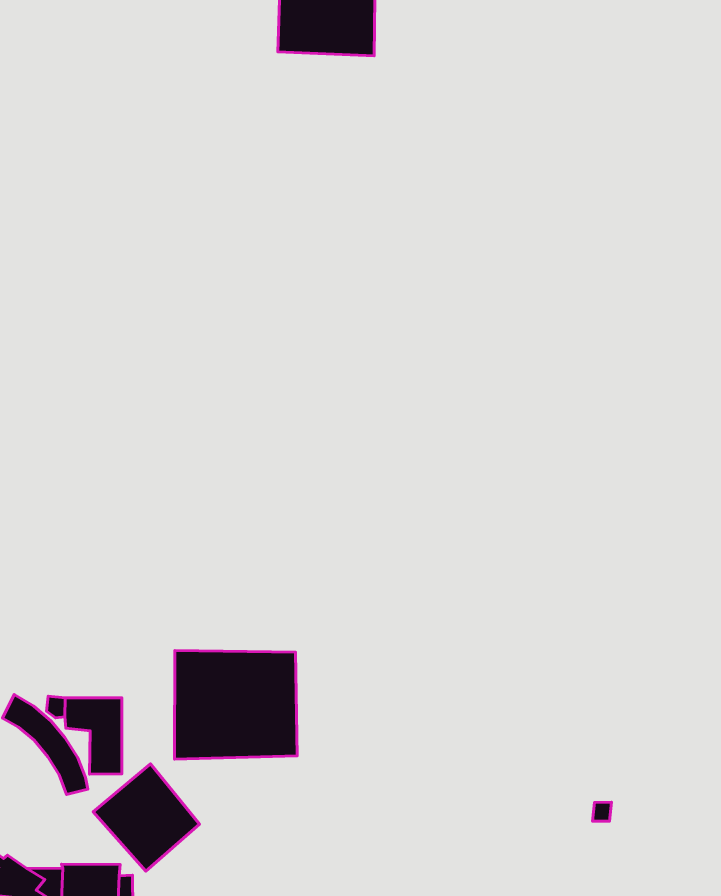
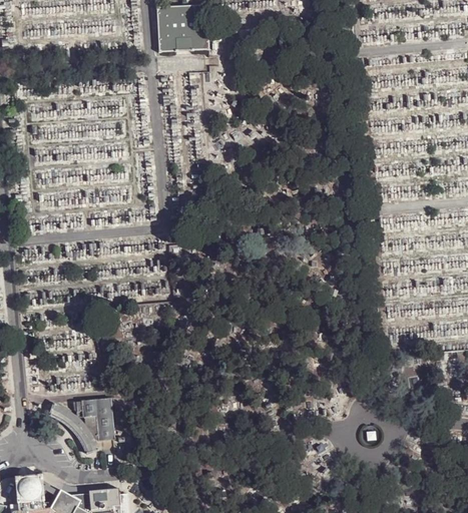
building: [175,651,297,759] -> none
building: [93,764,200,871] -> none

